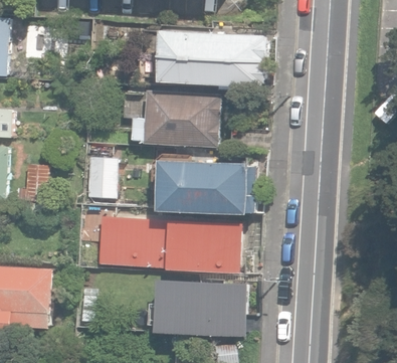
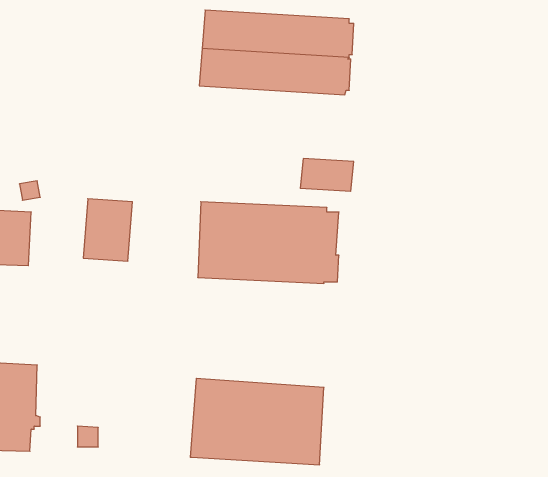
building: [130,90,216,148] -> none
building: [94,216,238,273] -> none

